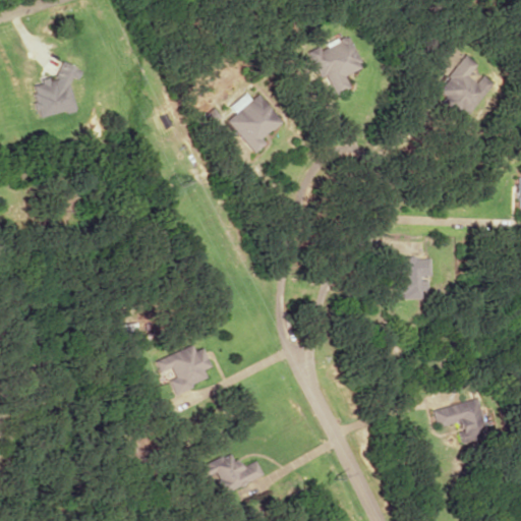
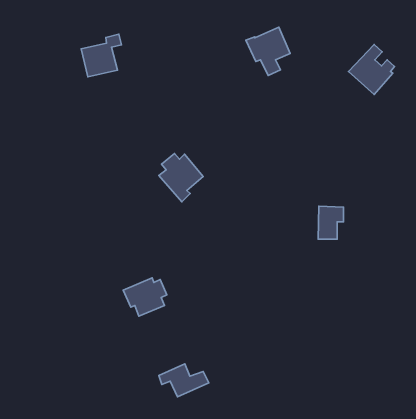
building: [33,64,82,117] -> [81,34,121,77]
building: [227,93,282,153] -> [159,153,203,202]
building: [433,398,486,437] -> none

